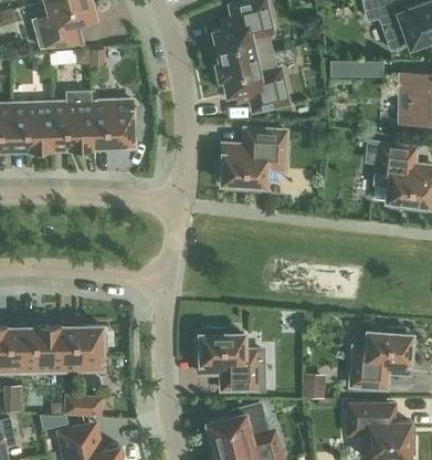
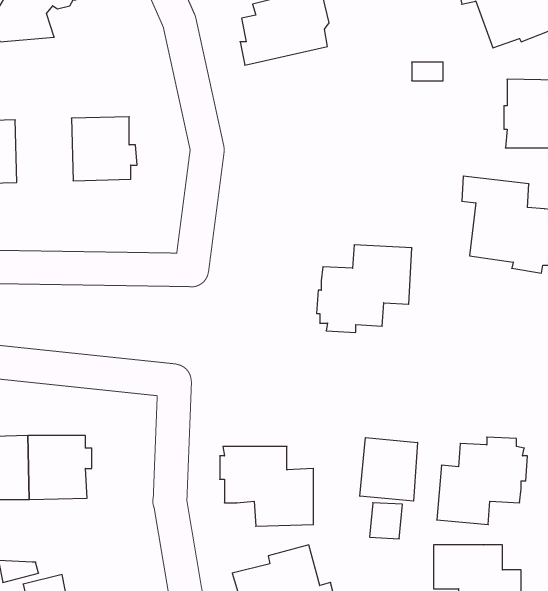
building: [214,50,289,111] -> none
building: [52,90,93,146] -> none
building: [219,127,286,189] -> [317,245,412,332]
building: none -> [360,438,418,501]
building: [65,395,102,415] -> none

